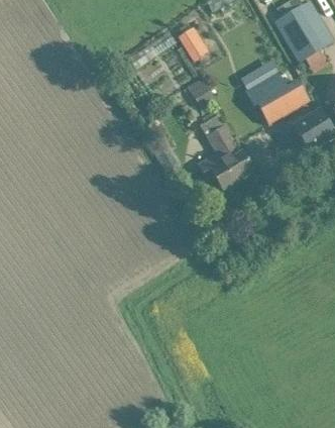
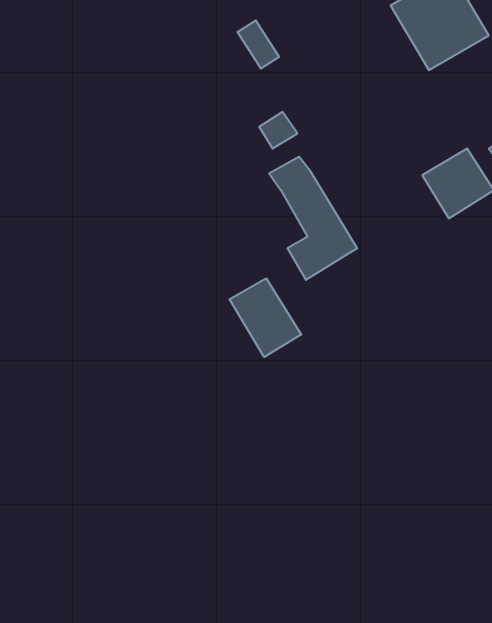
building: [248,66,308,123] -> none
building: none -> [230,278,301,357]

